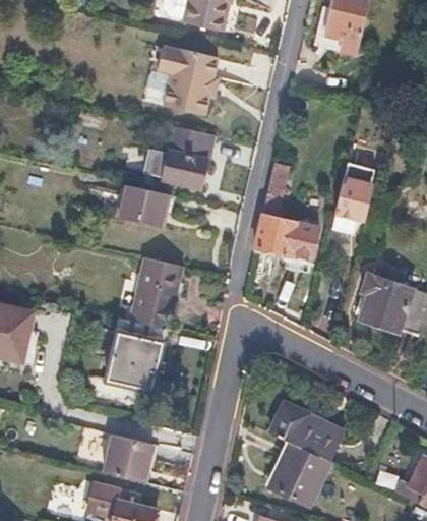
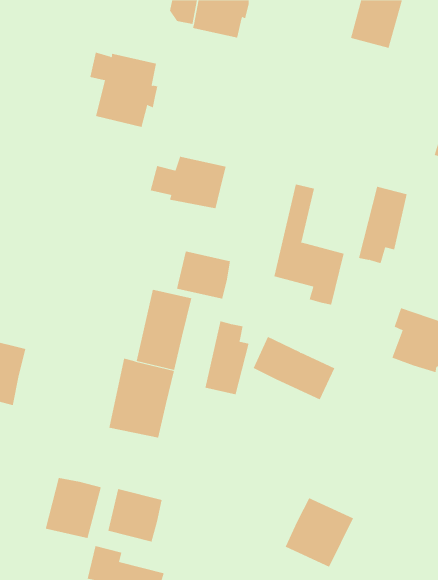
building: [157,48,218,115] -> [89,52,158,128]
building: [120,185,169,228] -> [176,251,231,299]
building: none -> [205,320,249,395]
building: [265,404,339,461] -> [253,336,335,400]
building: none -> [45,477,101,539]

